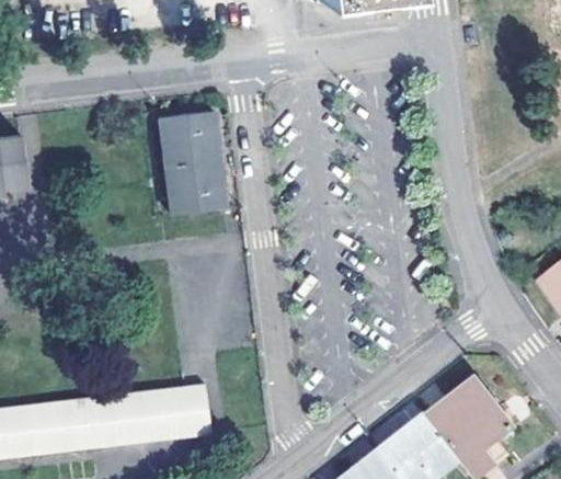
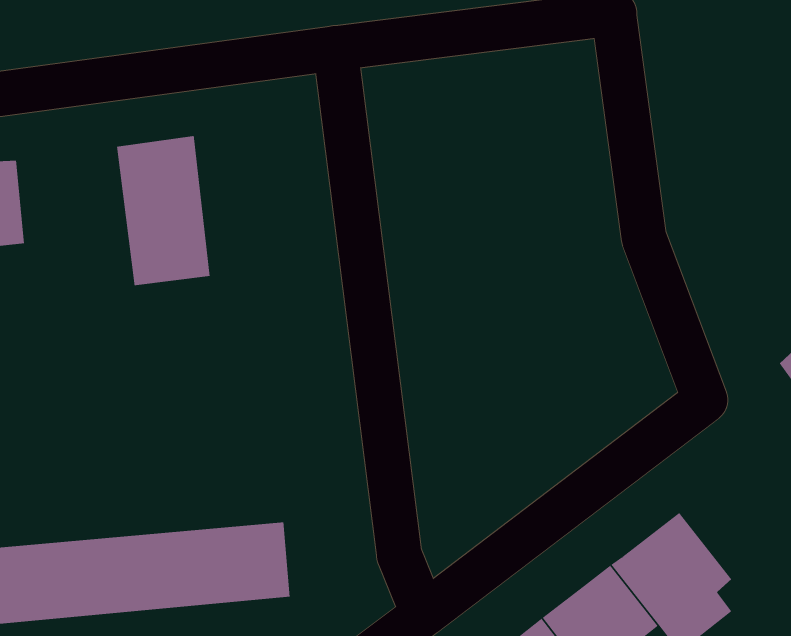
building: [156,112,220,215] -> [116,135,211,286]

